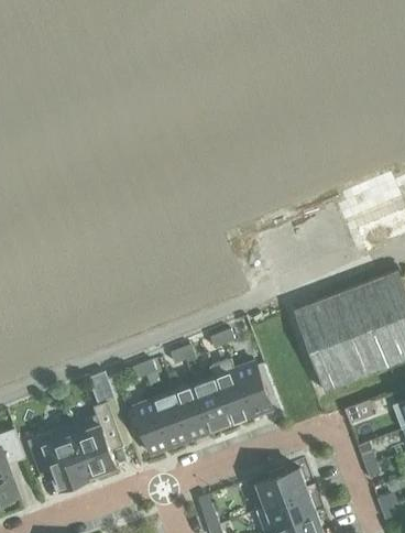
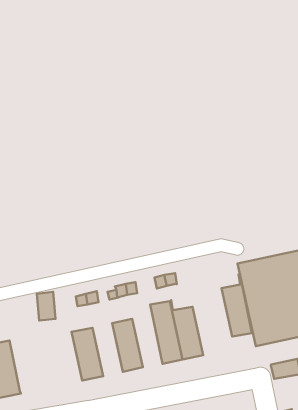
building: [193,367,231,433] -> [222,274,252,336]
building: [153,392,191,448] -> none
building: [69,400,131,477] -> none

